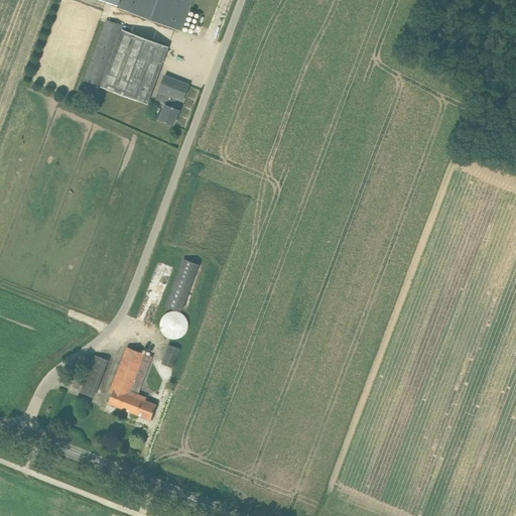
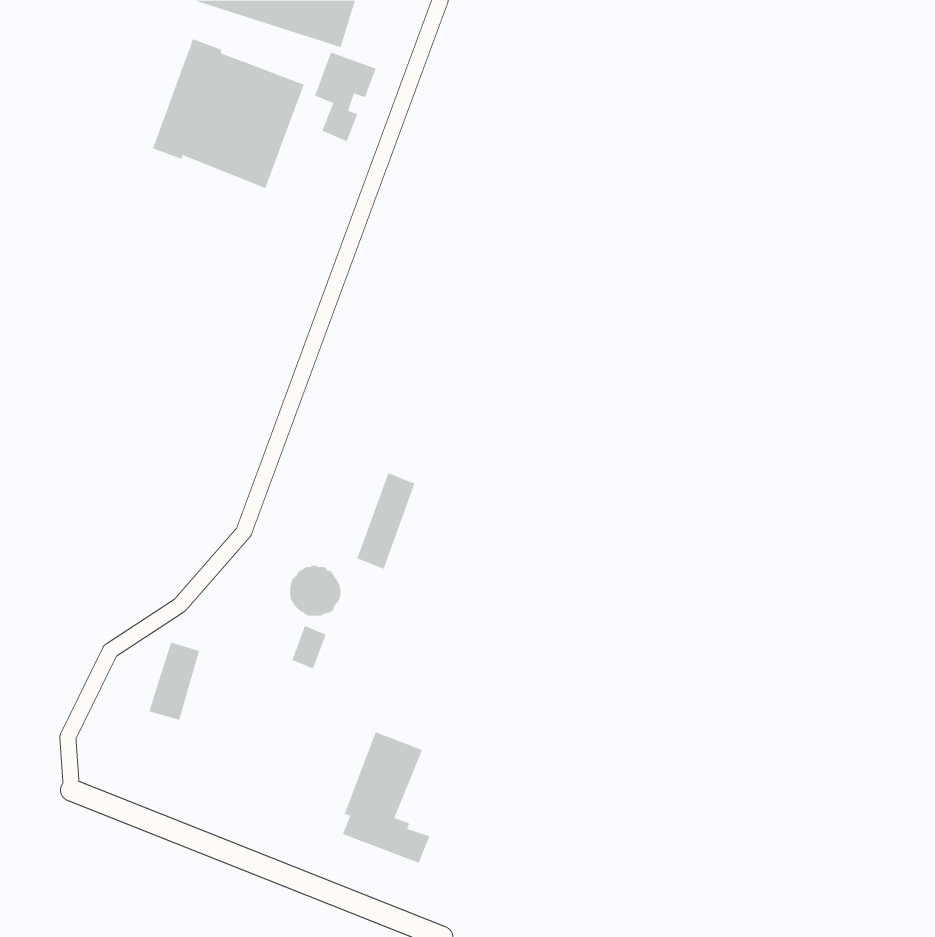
building: [154,76,188,125] -> [314,52,376,142]
building: [165,258,198,311] -> [357,472,415,570]
building: [108,347,156,419] -> [342,732,430,864]

